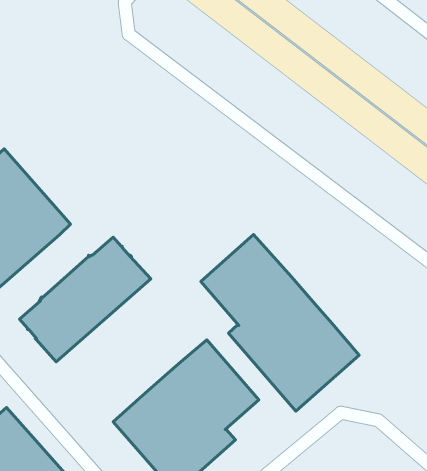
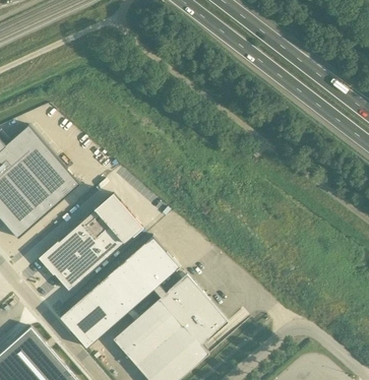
building: [201,234,359,411] -> none
building: none -> [58,236,179,349]

